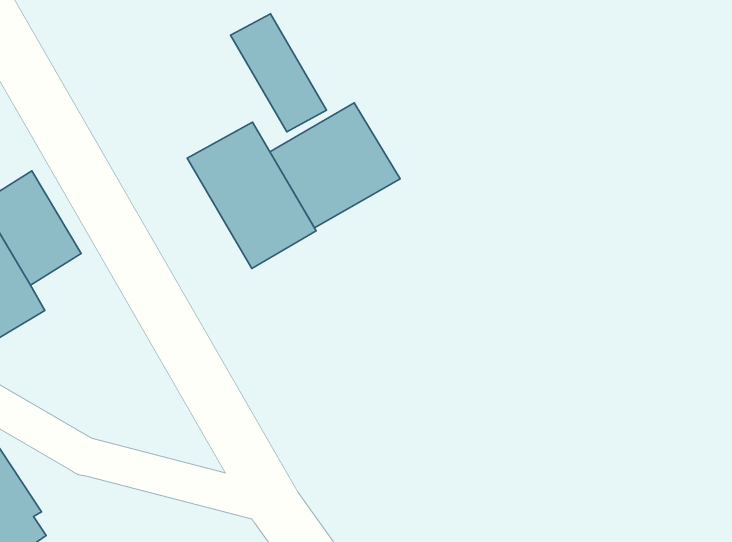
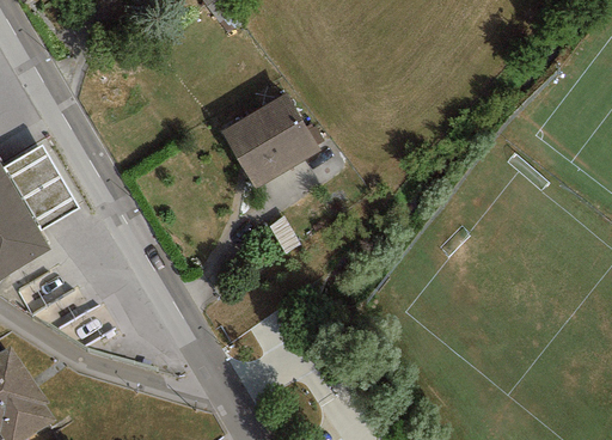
building: [231,14,327,132] -> none
building: [187,122,316,268] -> none

